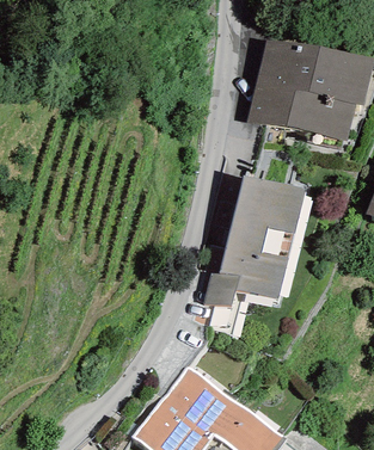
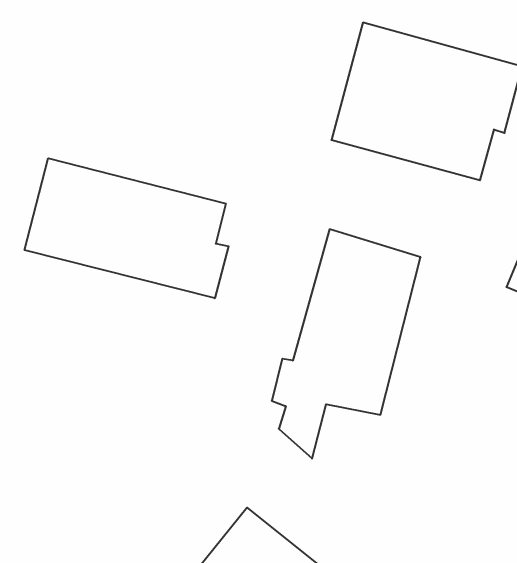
building: none -> [25,158,229,298]

